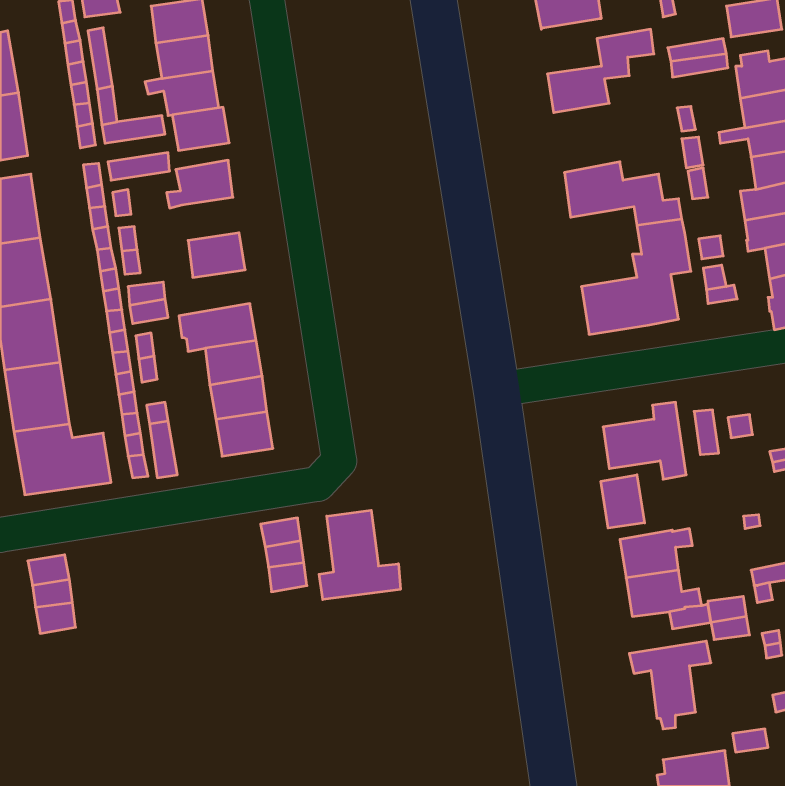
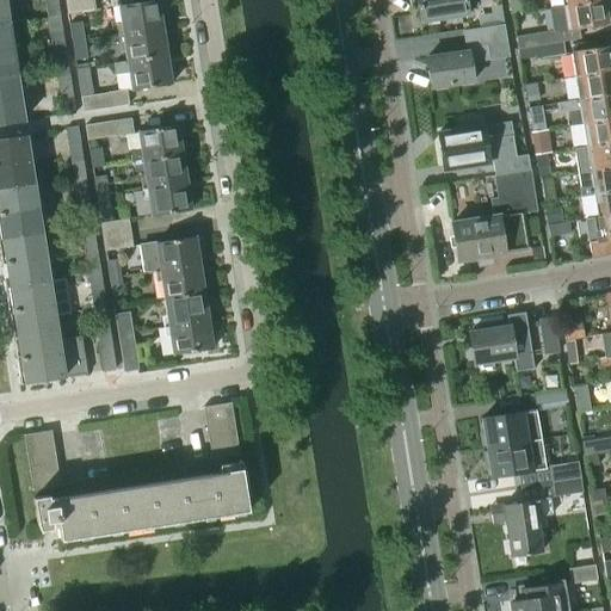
building: [172,107,229,150] -> [143,153,187,186]
building: [601,475,645,528] -> none
building: [319,510,400,600] -> none
building: none -> [35,468,248,539]

